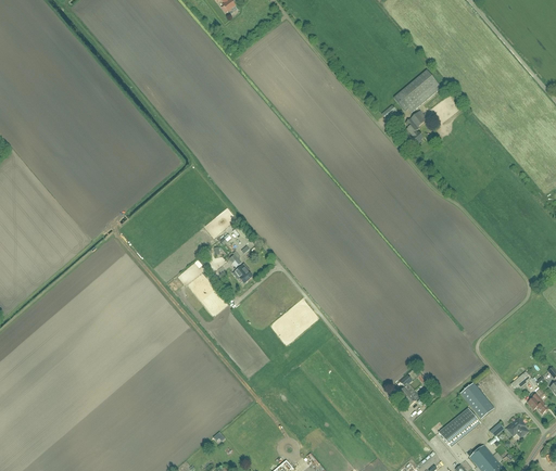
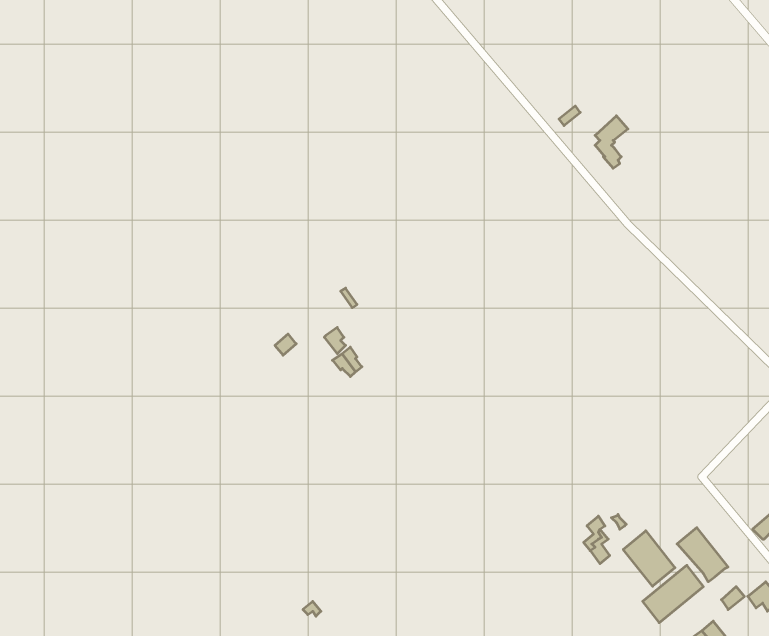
building: [393,69,440,112] -> none
building: none -> [623,531,675,586]

